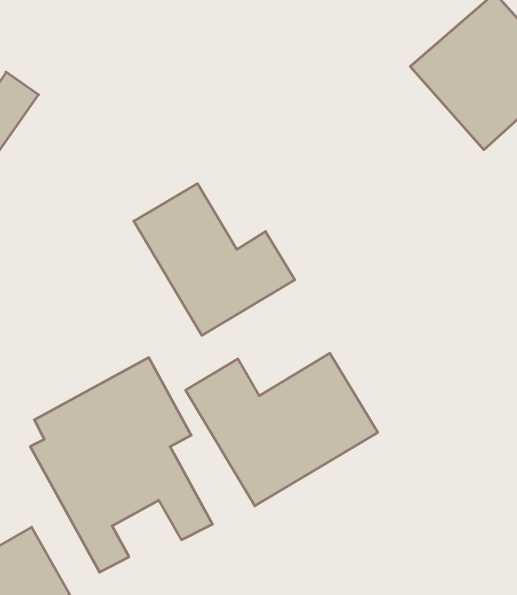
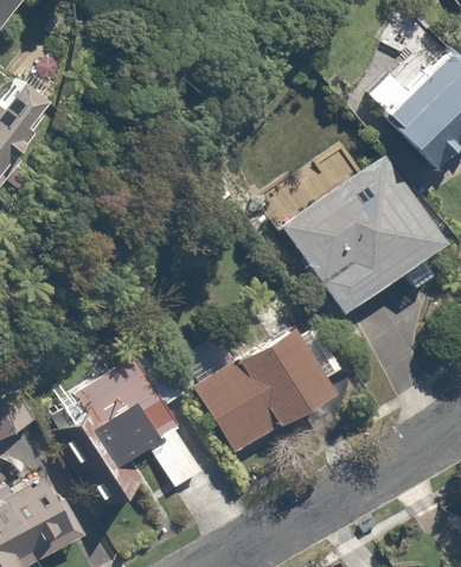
building: none -> [289,161,449,316]
building: [134,184,295,335] -> none

